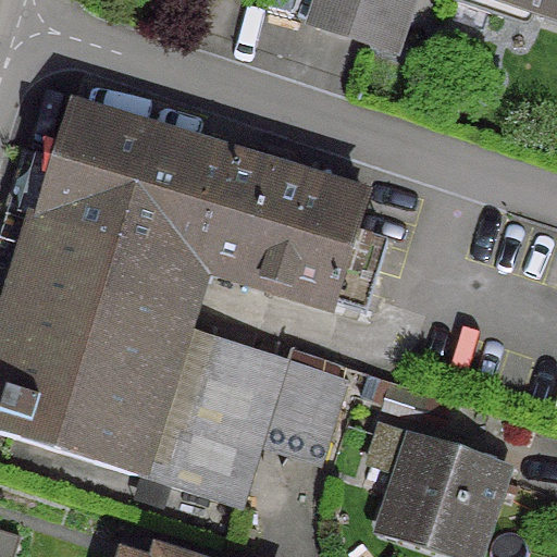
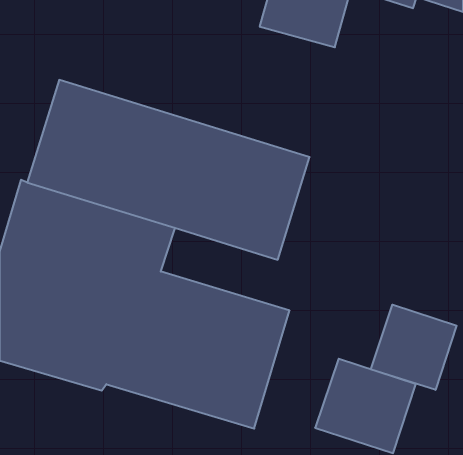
building: none -> [371,305,457,390]

